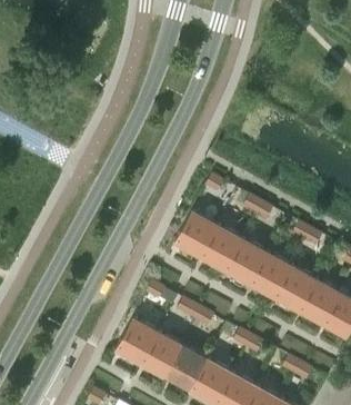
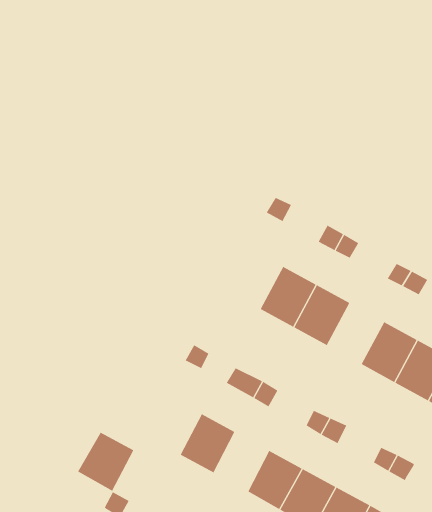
building: [174,213,217,257] -> none
building: [249,253,290,297] -> none
building: [117,319,158,363] -> [77,432,134,492]
building: [167,346,207,389] -> none

